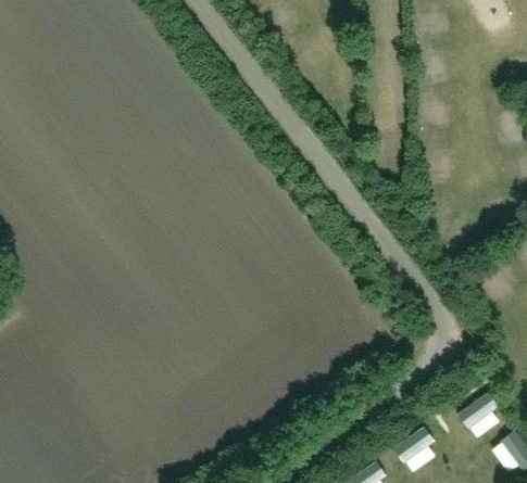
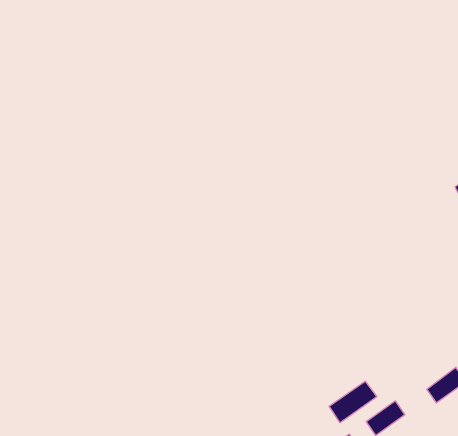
building: none -> [329,381,377,423]

